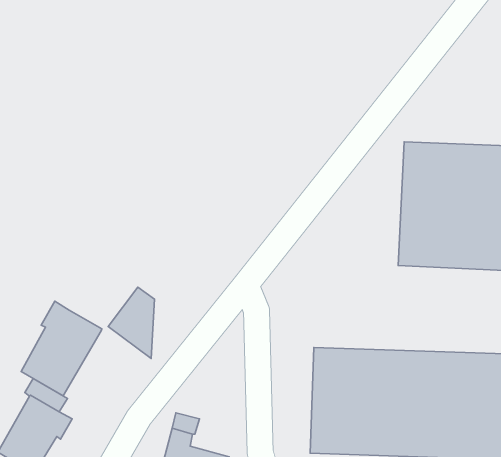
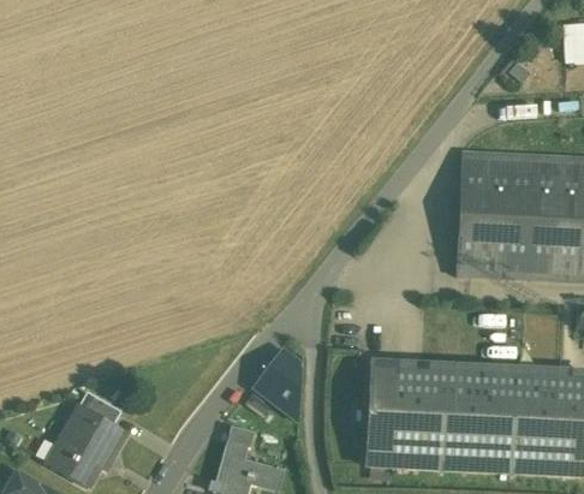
building: [108,287,155,359] -> [255,349,302,421]
building: [21,301,102,396] -> none

